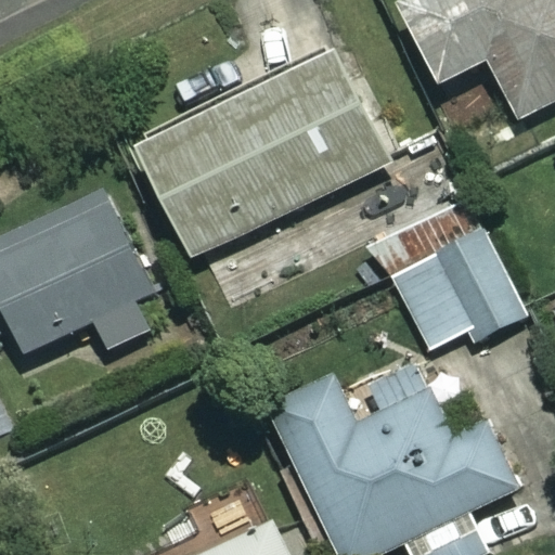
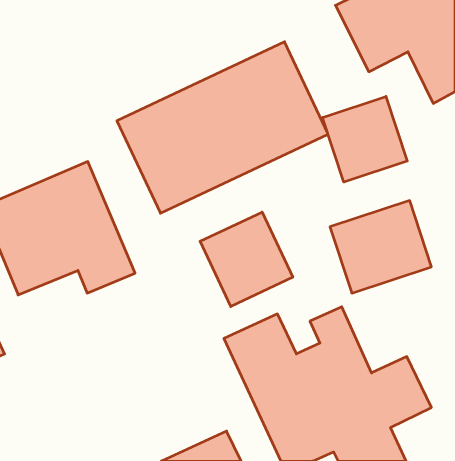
building: none -> [323,96,407,182]
building: none -> [200,212,293,307]

